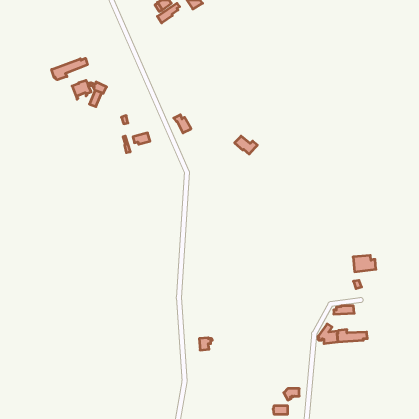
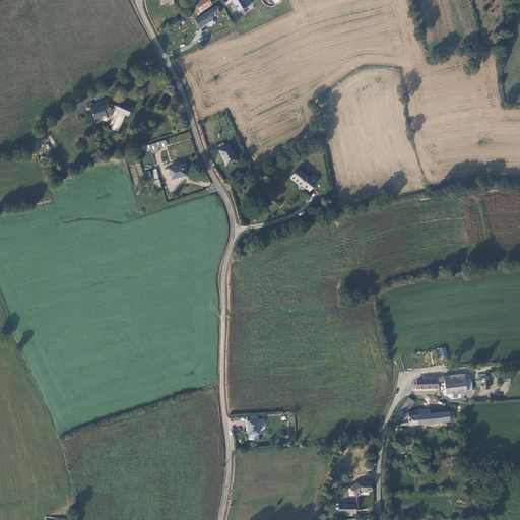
building: [52,58,87,80] -> none
building: [353,255,376,272] -> [444,374,472,394]

